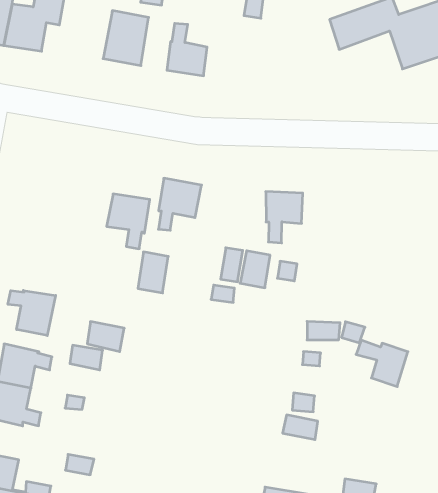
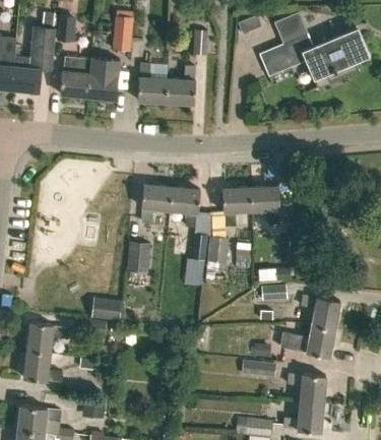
building: none -> [59,57,91,96]
building: none -> [166,66,195,104]
building: none -> [249,185,279,225]
building: [107,194,150,249] -> [168,187,199,228]
building: [8,290,56,336] -> none
building: none -> [279,326,333,359]
building: none -> [288,375,326,406]

